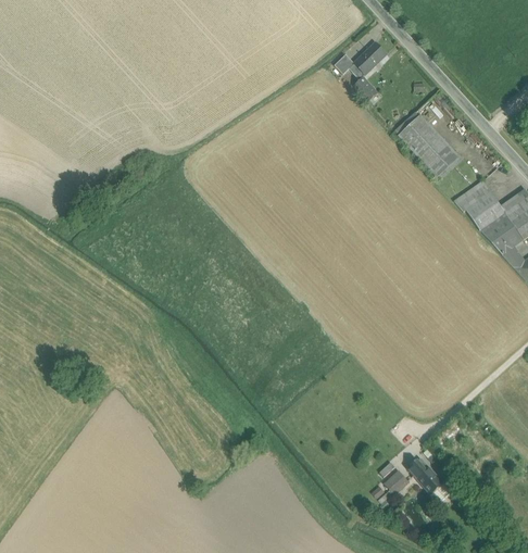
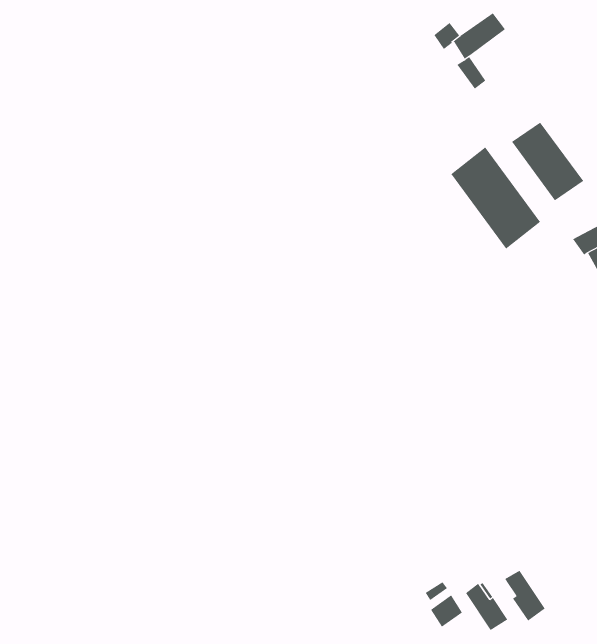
building: none -> [451,147,541,249]
building: none -> [504,570,546,622]

